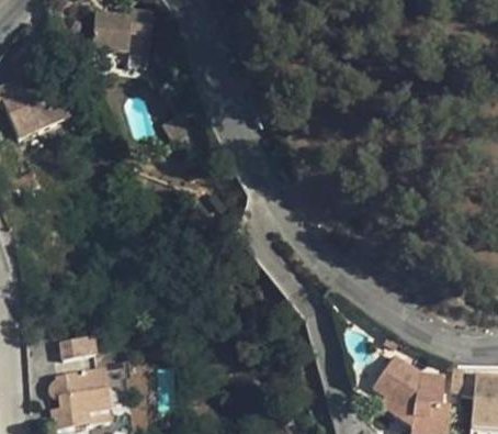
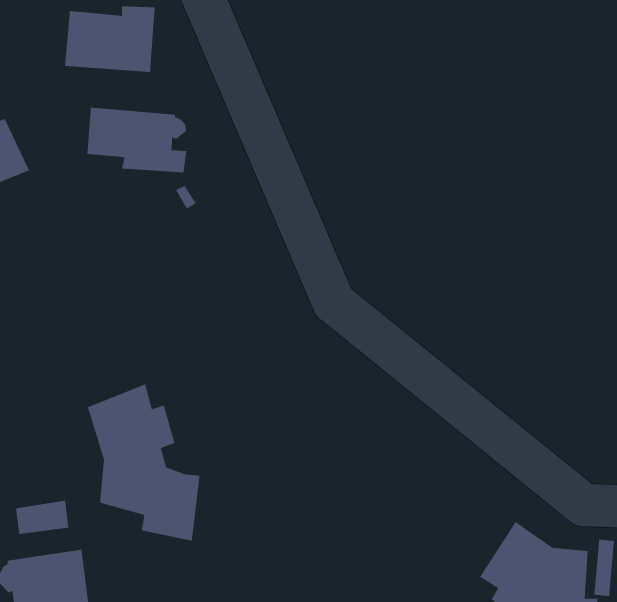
building: none -> [87,107,187,173]
building: none -> [87,384,200,541]

